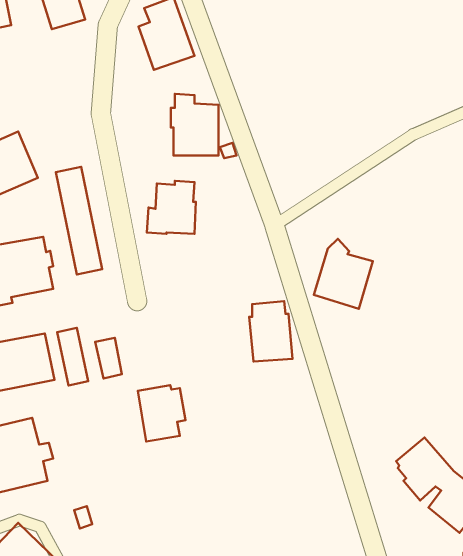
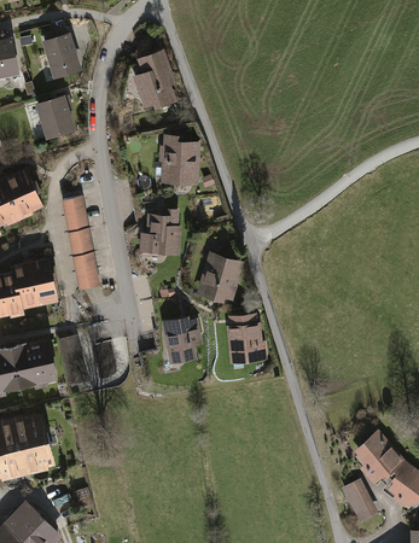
building: none -> [35,95,76,139]
building: [314,239,373,309] -> [194,241,245,302]
building: [138,385,185,441] -> [161,314,202,362]
building: none -> [341,478,377,522]

